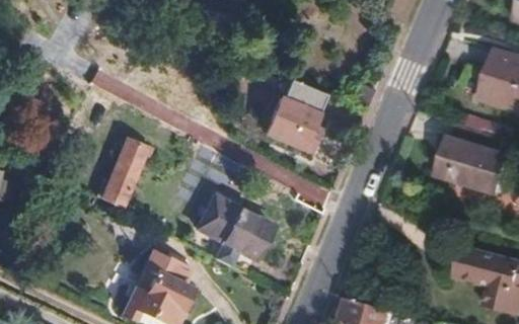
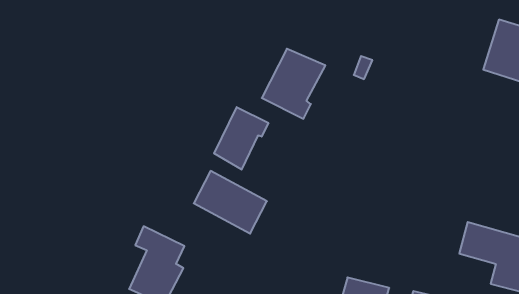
building: [436,119,508,193] -> none
building: none -> [214,107,268,170]
building: [93,139,146,211] -> none

